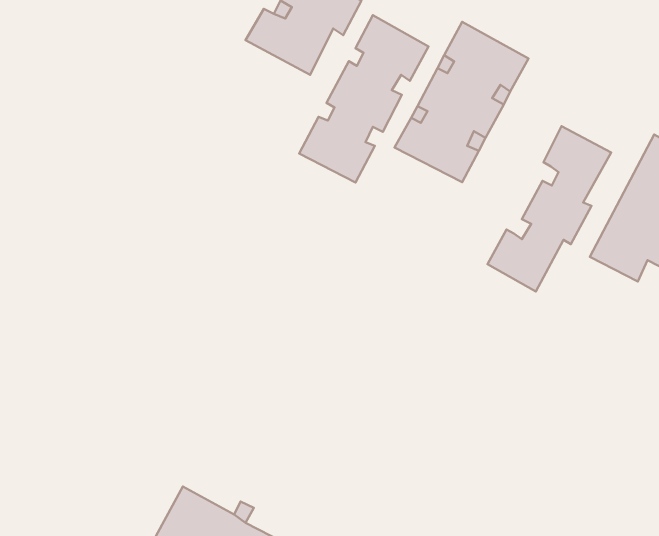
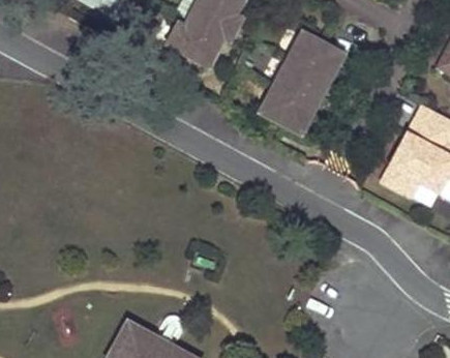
building: [299,15,428,183] -> none
building: [488,126,611,291] -> none

